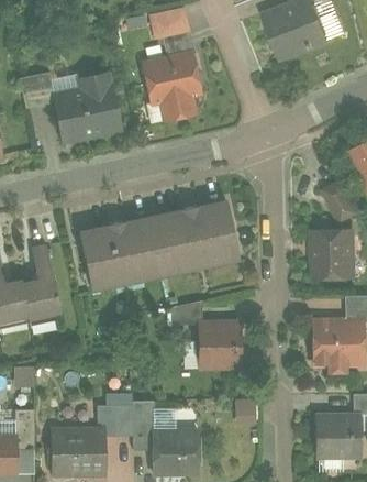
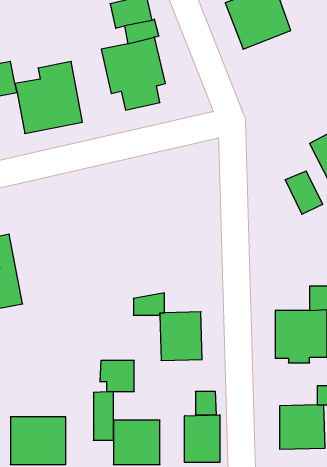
building: [79,196,237,283] -> none
building: [310,230,354,278] -> none
building: [98,405,132,436] -> [100,360,134,392]
building: none -> [184,415,220,462]

